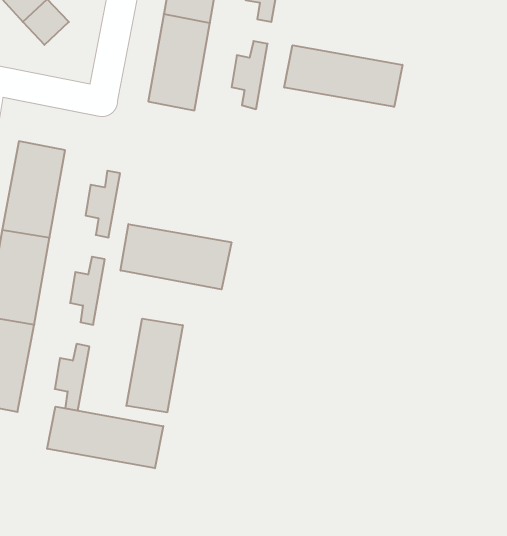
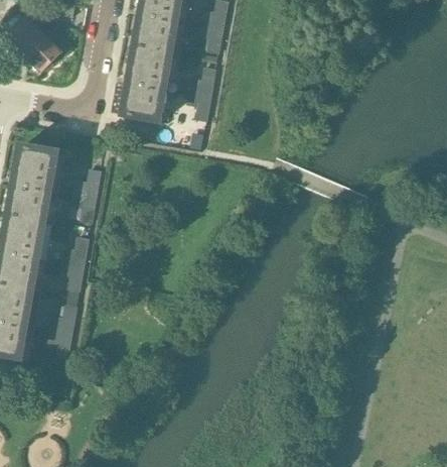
building: [284,45,402,107] -> none
building: [121,224,231,289] -> none
building: [126,319,183,412] -> none
building: [47,407,163,468] -> none

